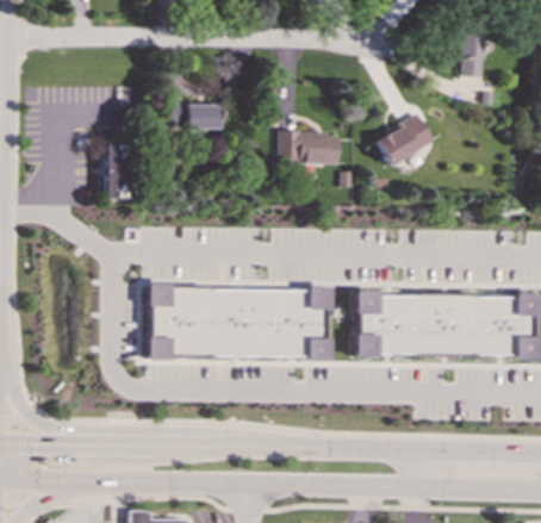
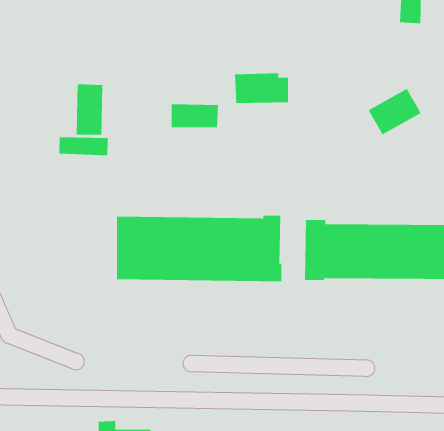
building: [170,102,223,129] -> [171,104,219,128]
building: [375,113,434,164] -> [368,88,421,135]
building: none -> [59,136,108,156]

